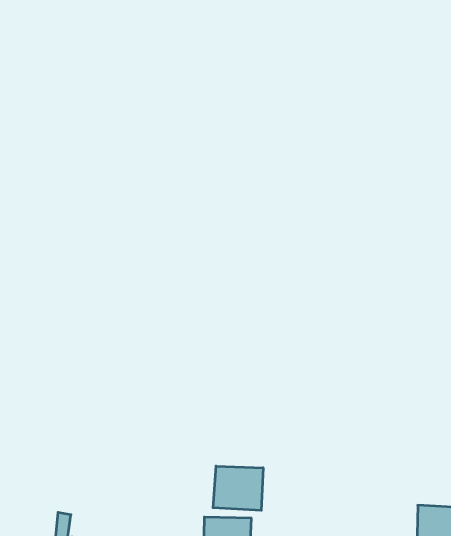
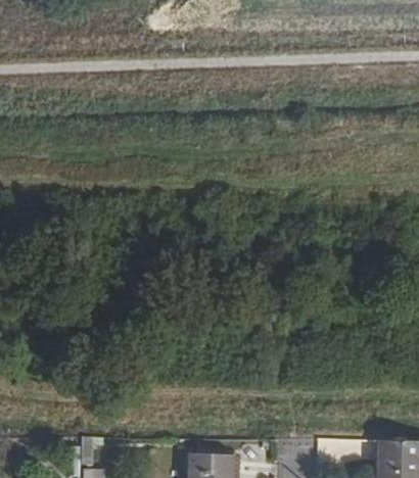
building: [213,466,263,510] -> none

